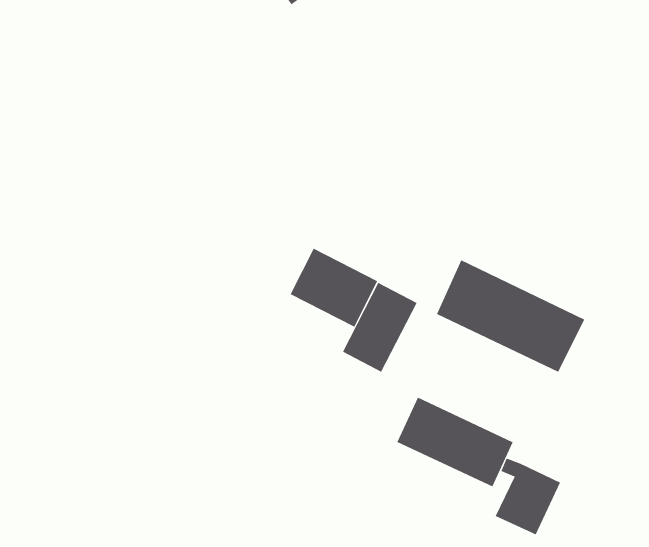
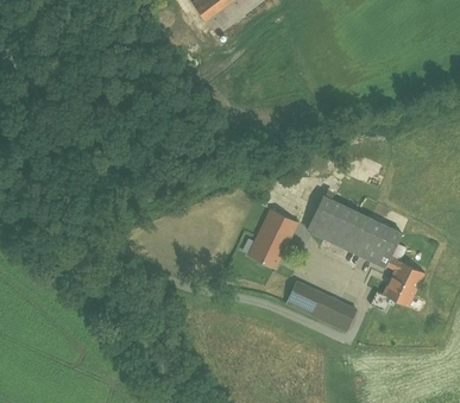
building: [290,248,378,328] -> none
building: [495,458,561,535] -> [382,257,423,306]

